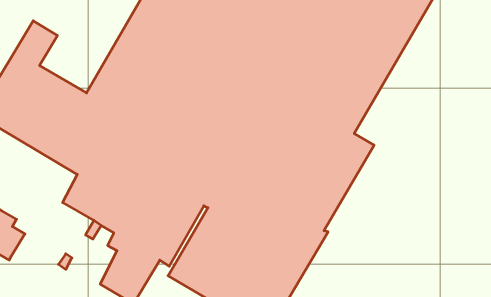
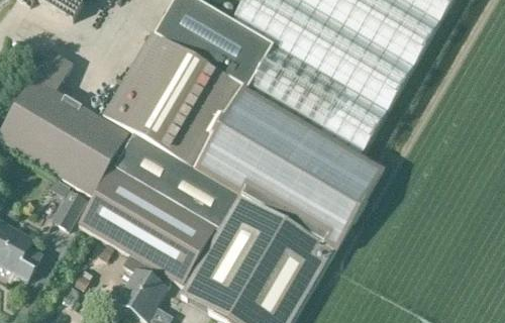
building: none -> [50,188,87,230]

